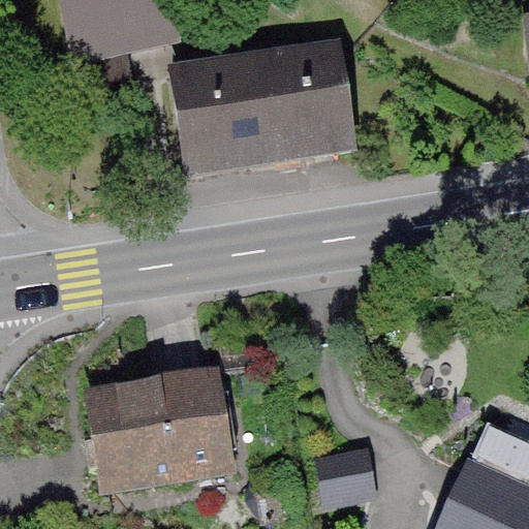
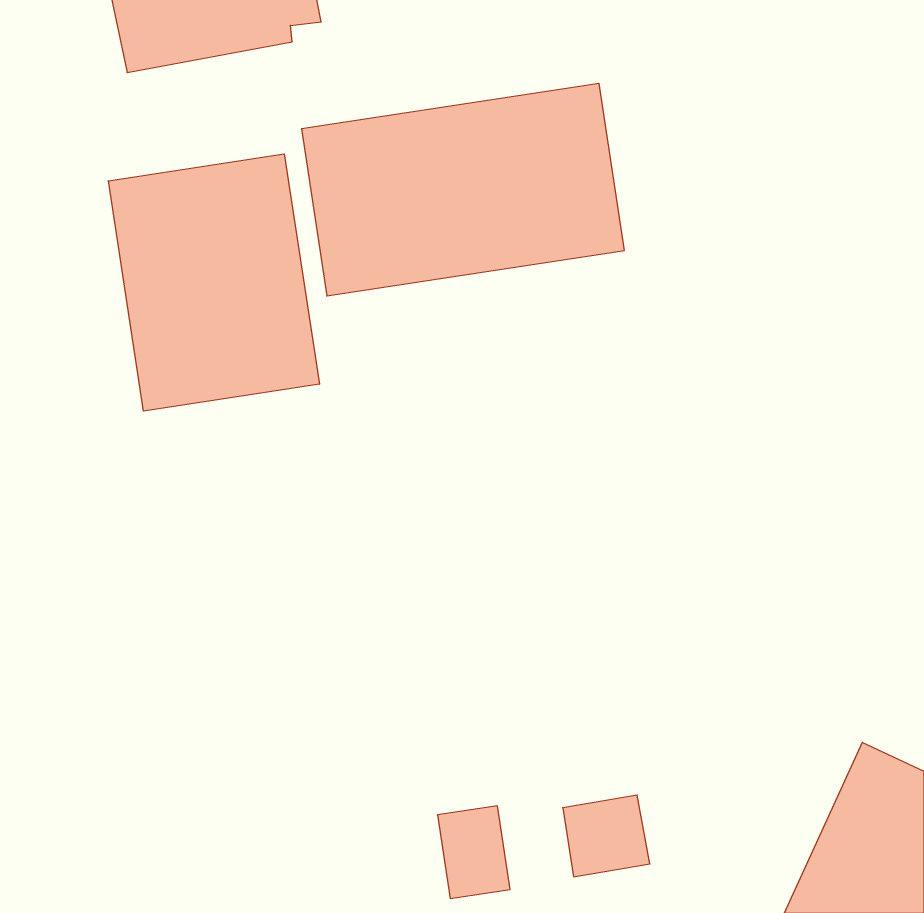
building: none -> [108,154,319,411]
building: [95,376,226,485] -> none

